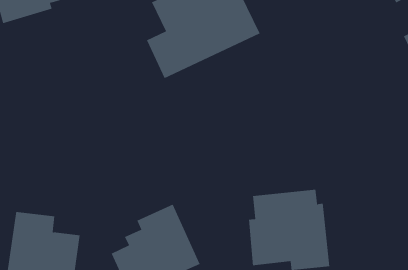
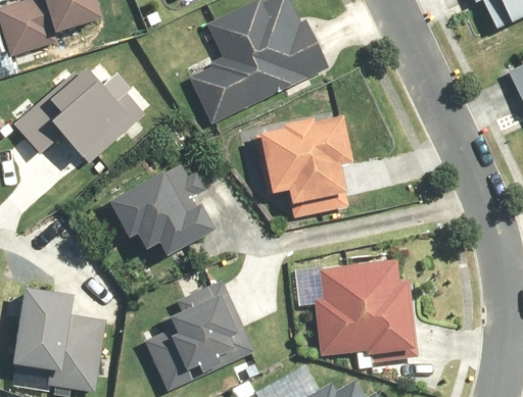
building: none -> [14,69,145,163]
building: none -> [255,115,354,217]
building: none -> [111,164,218,256]

